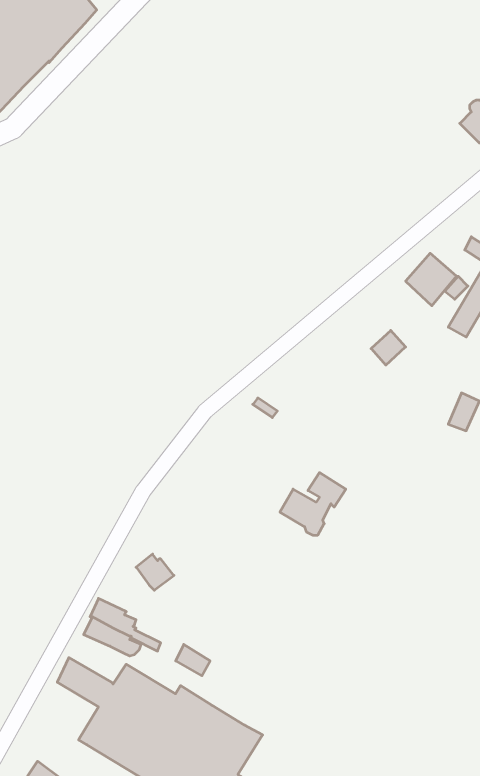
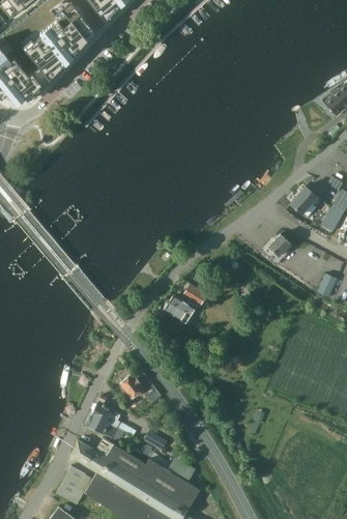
building: [280,473,346,535] -> [165,285,206,324]
building: none -> [57,466,91,503]

